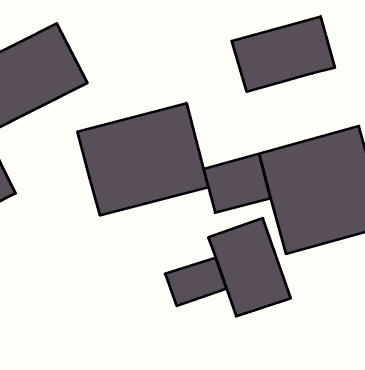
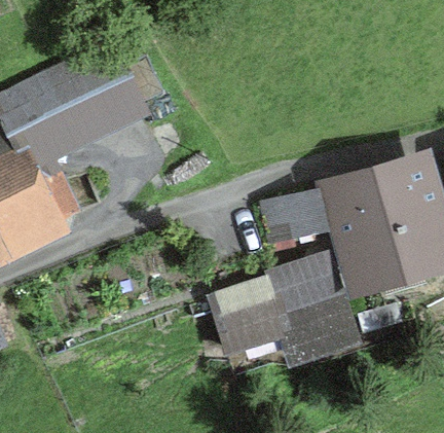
building: [232,16,335,92] -> none
building: [78,103,208,215] -> none

